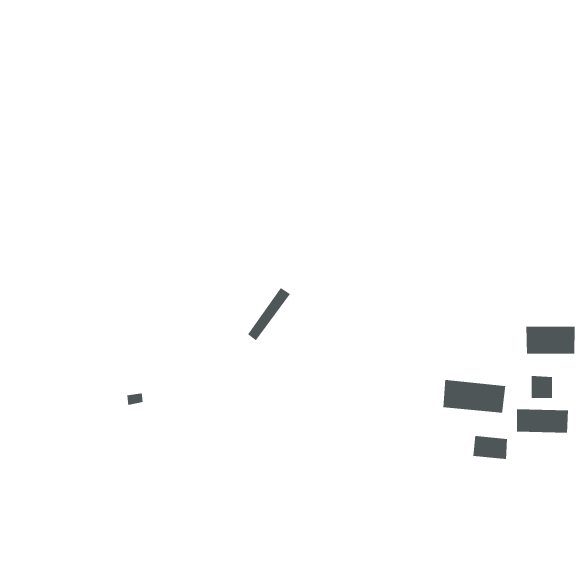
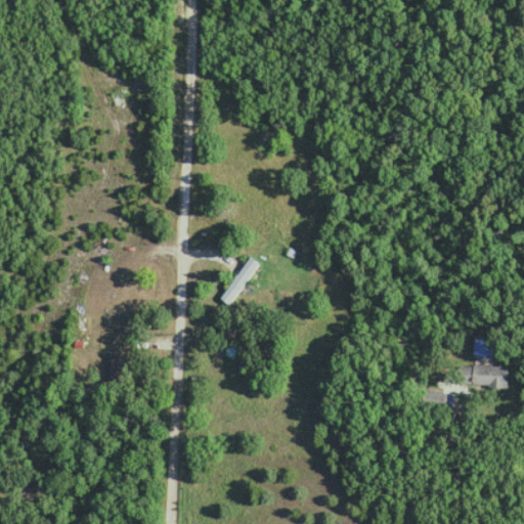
building: [526,326,575,354] -> none
building: [443,379,506,414] -> none

